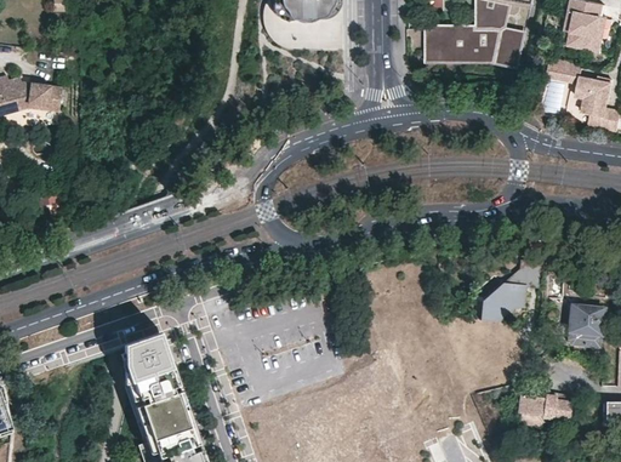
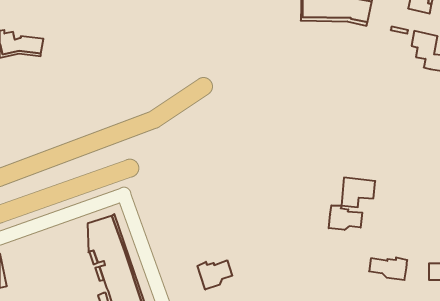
building: [565,302,605,347] -> none
building: none -> [329,205,362,230]
building: none -> [197,260,232,290]

